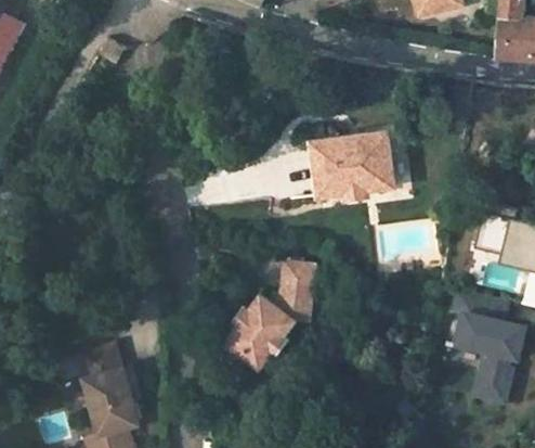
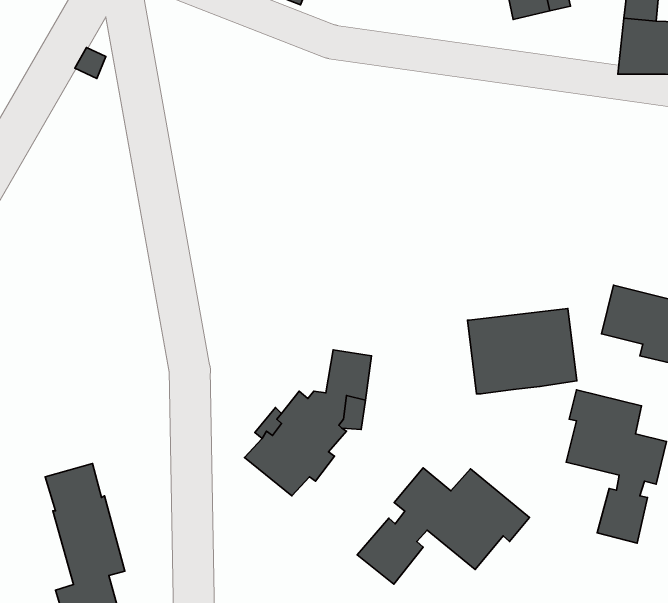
building: [313,132,393,195] -> [468,308,577,394]
building: none -> [357,468,529,584]

